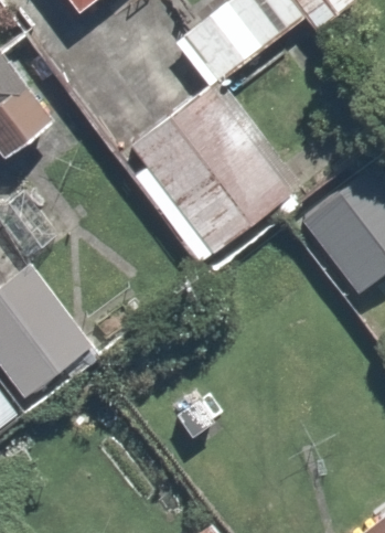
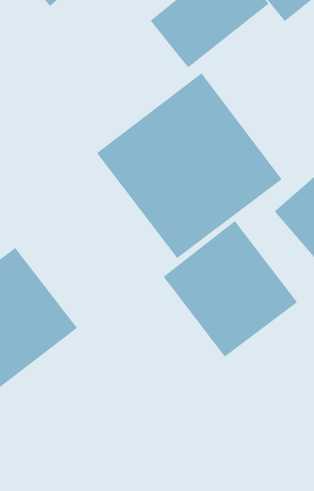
building: none -> [163,220,298,357]

